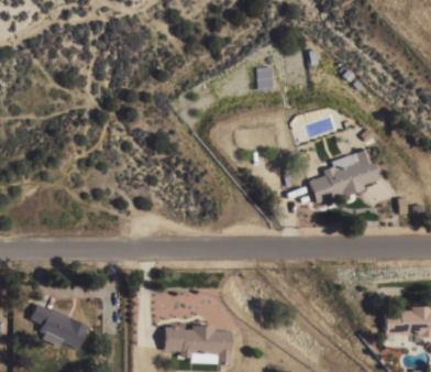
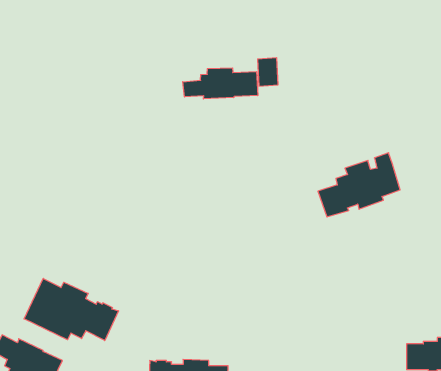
building: none -> [183,68,258,99]
building: none -> [24,278,118,341]

